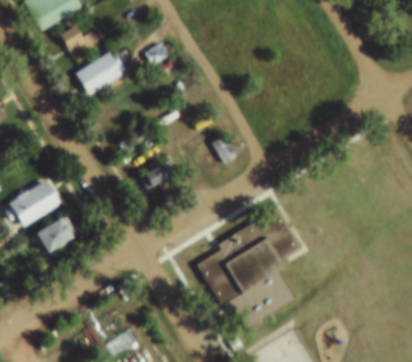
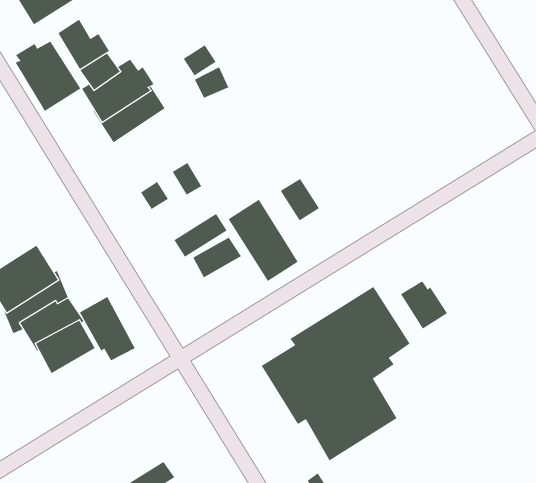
building: none -> [15,41,81,112]
building: none -> [228,199,299,282]
building: none -> [400,281,448,330]
building: none -> [79,296,136,361]

